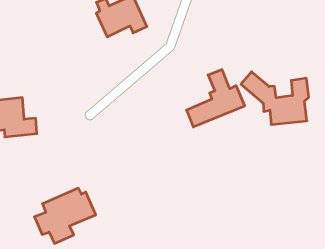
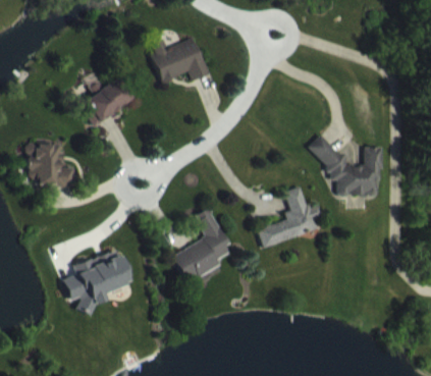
building: none -> [80,78,131,124]
building: [186,70,245,127] -> [258,186,324,249]
building: none -> [172,208,231,282]

